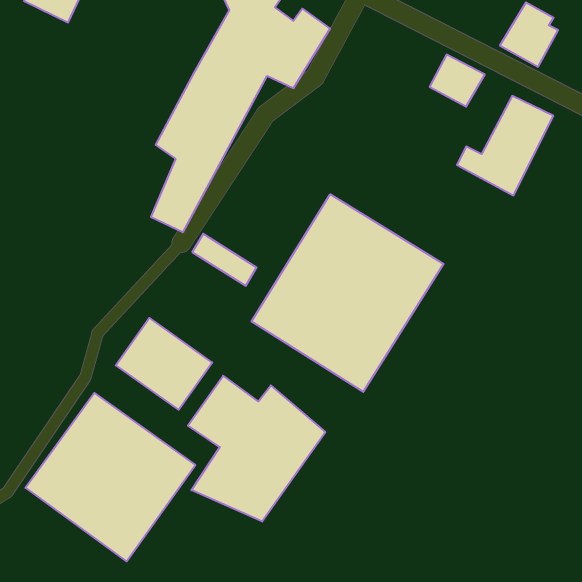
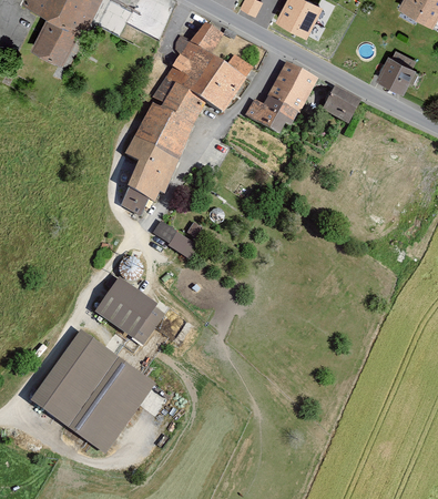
building: [457,96,553,195] -> [246,64,316,136]
building: [251,194,444,392] -> none
building: [188,376,325,522] -> none

